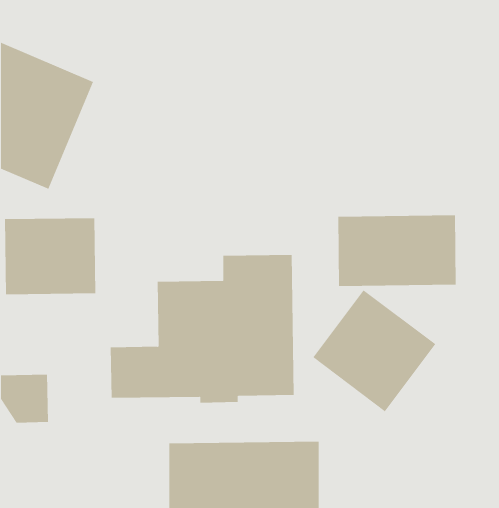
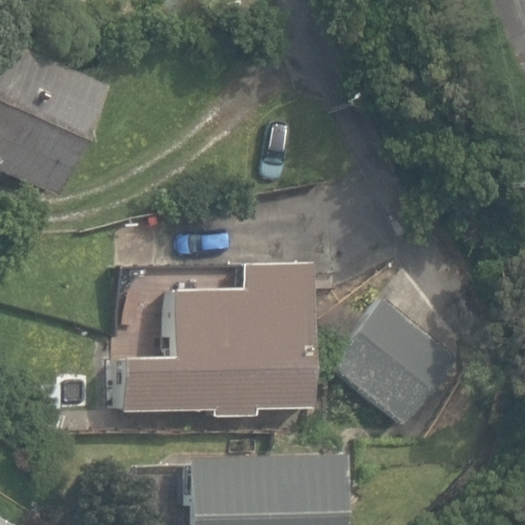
building: [338,215,456,287] -> none
building: [4,217,96,295] -> none

